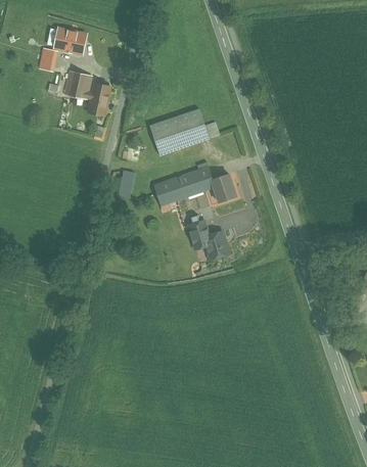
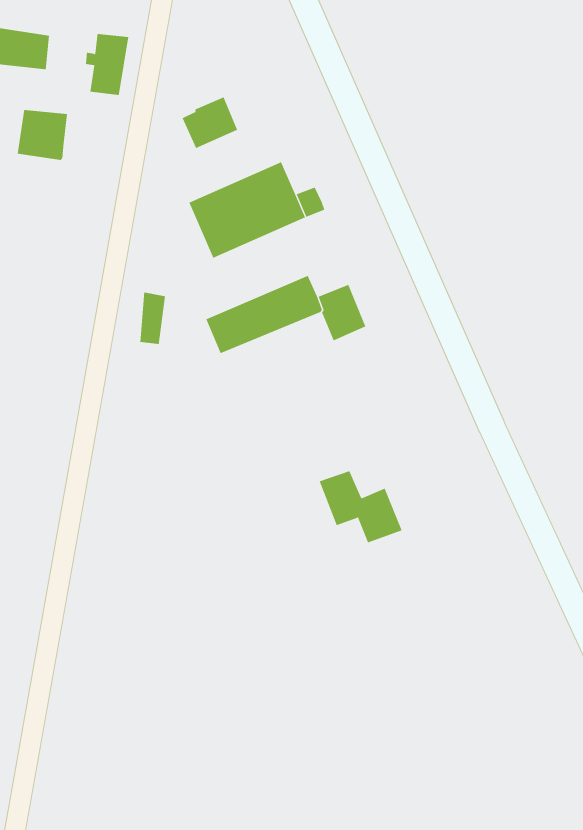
building: none -> [182,96,238,149]
building: [88,83,111,115] -> [85,33,129,96]
building: [188,221,229,259] -> [319,471,402,543]

